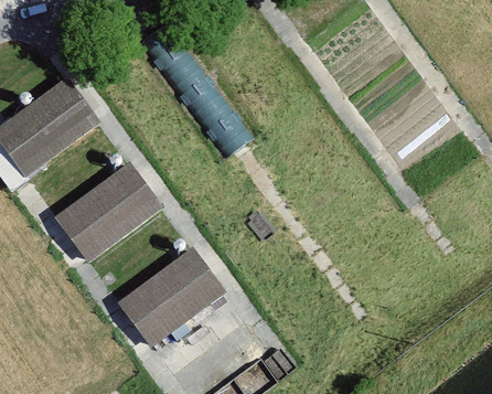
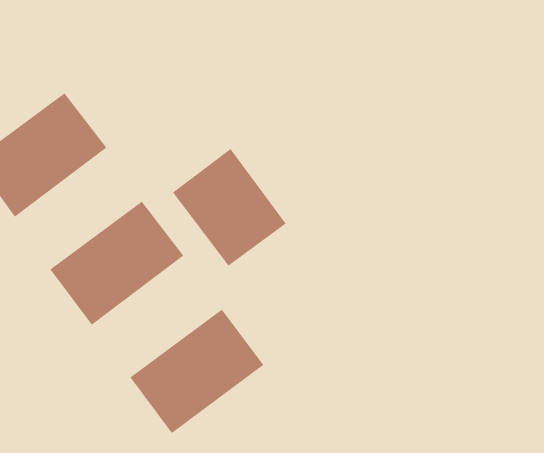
building: none -> [172,148,287,266]

